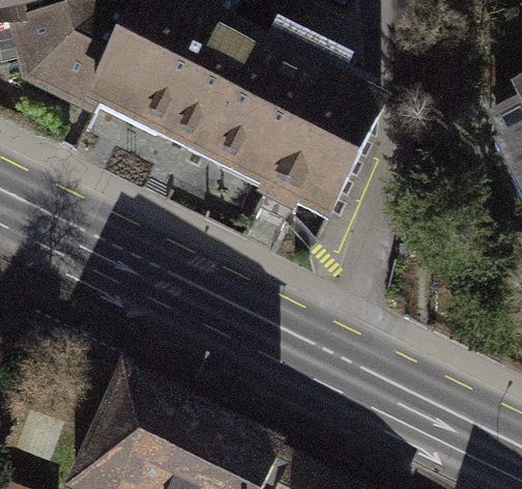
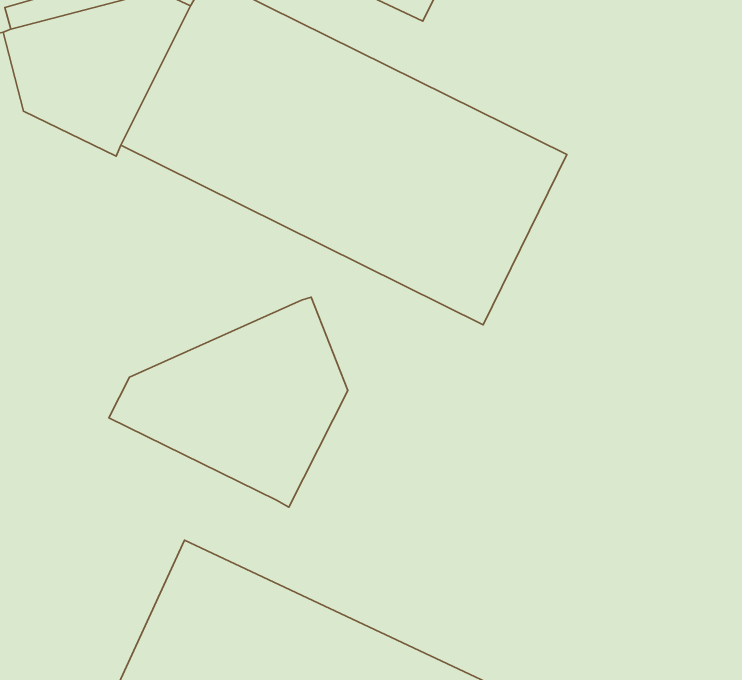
building: none -> [109,297,348,507]

